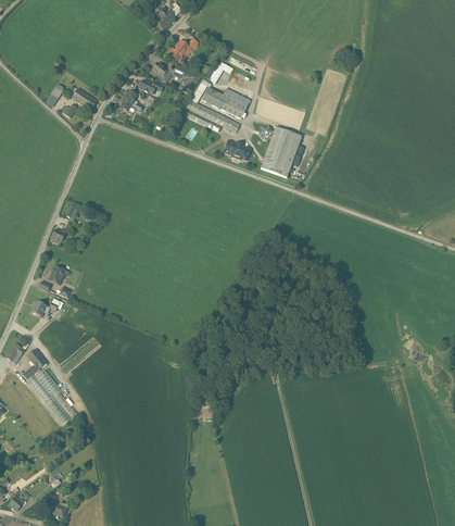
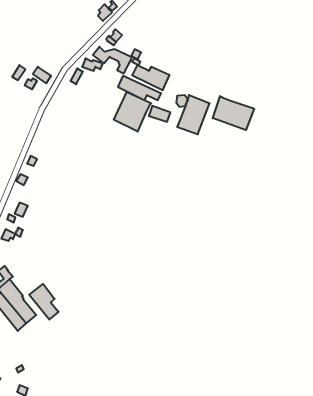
building: none -> [114,92,151,132]
building: none -> [213,96,254,130]
building: none -> [29,284,59,320]

